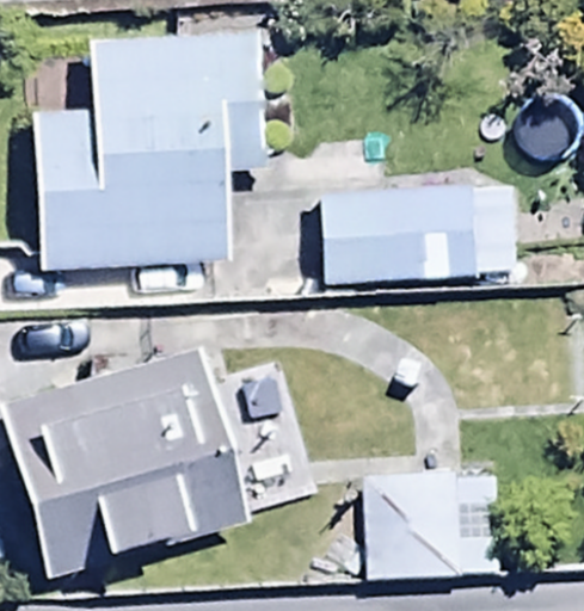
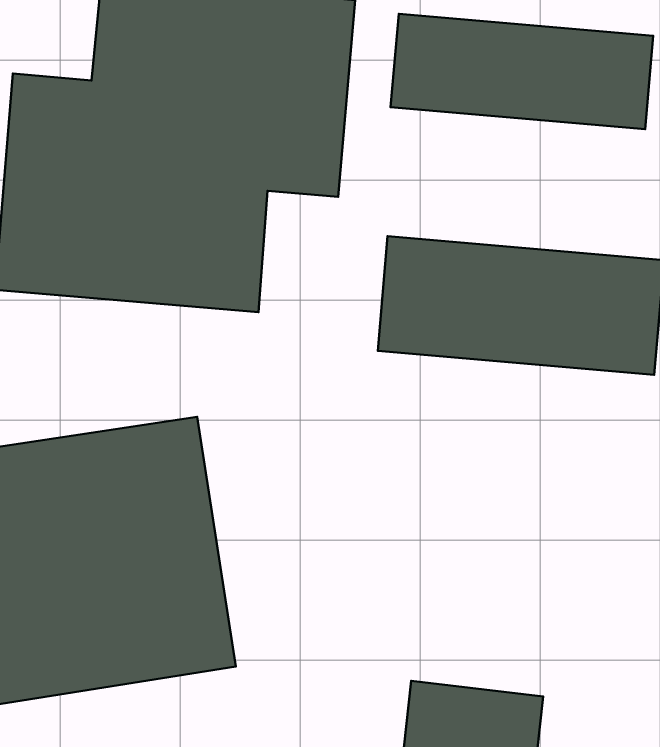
building: none -> [390,14,653,129]

